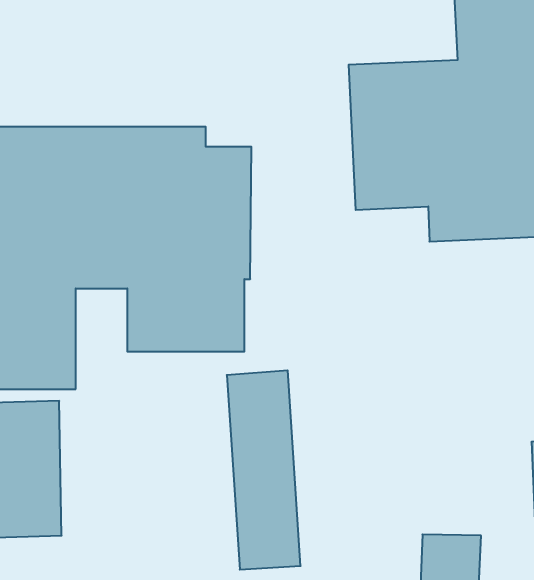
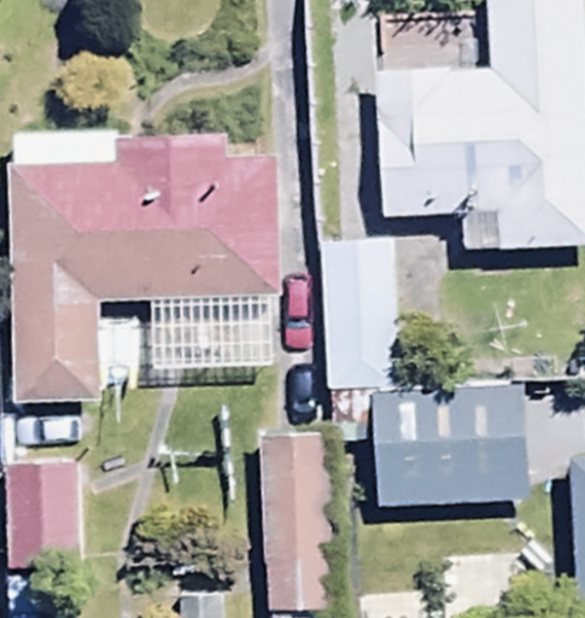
building: none -> [378,356,526,462]

